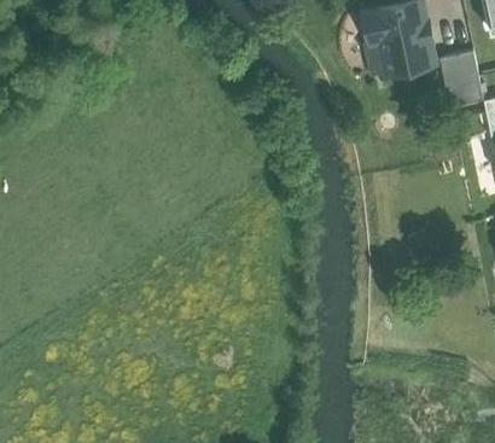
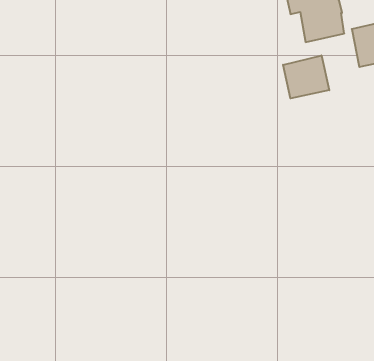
building: none -> [283,55,329,98]

